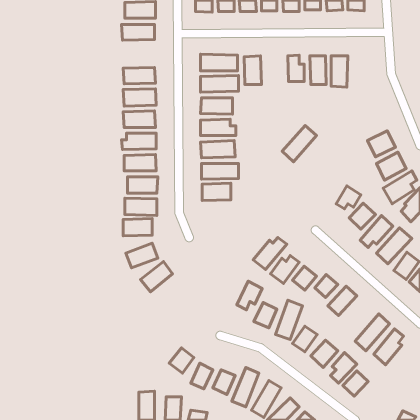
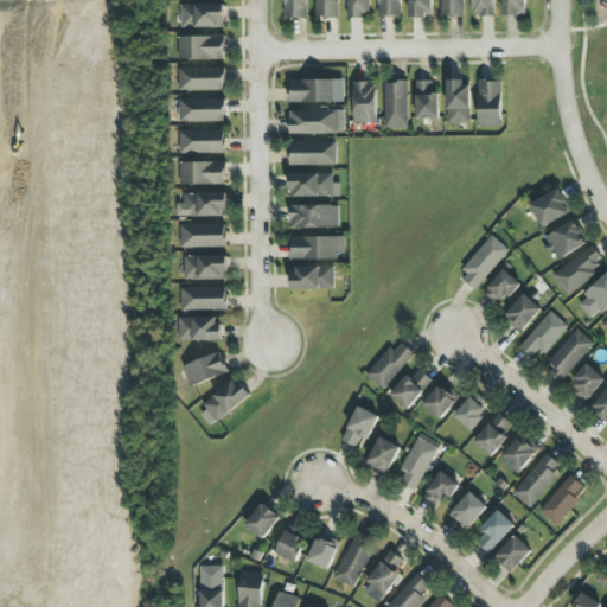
building: none -> [177,66,224,90]
building: none -> [383,81,407,127]
building: [282,126,317,162] -> [459,235,509,287]
building: none -> [500,436,536,473]

